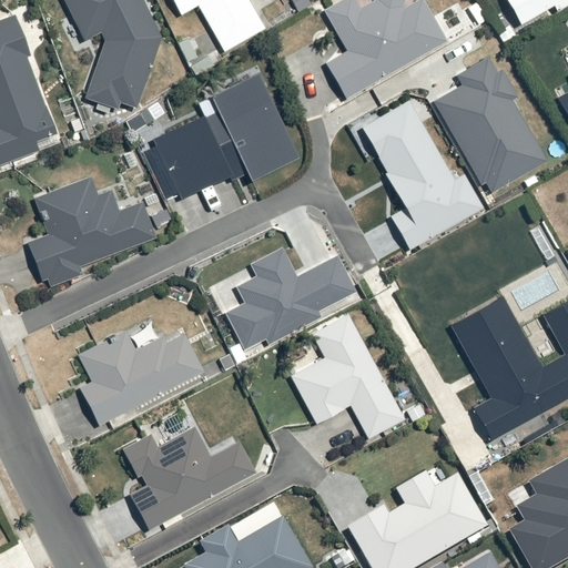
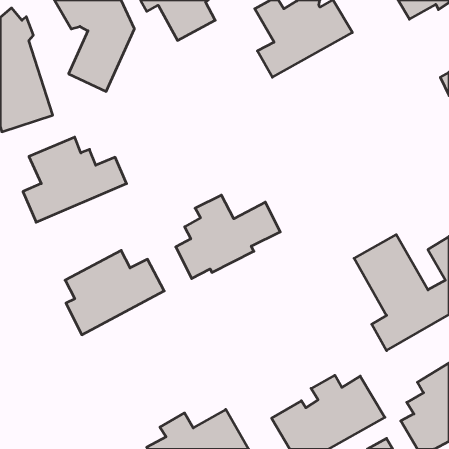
building: [433,60,544,192] -> none
building: [139,69,304,206] -> none
building: [358,100,481,250] -> none
building: [290,313,404,439] -> none
building: [128,413,260,526] -> none

